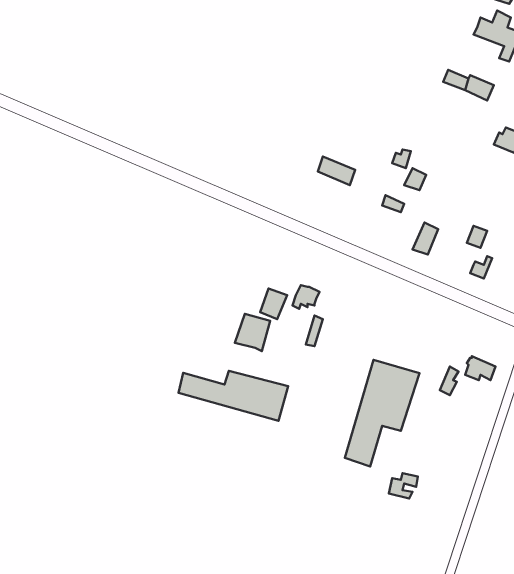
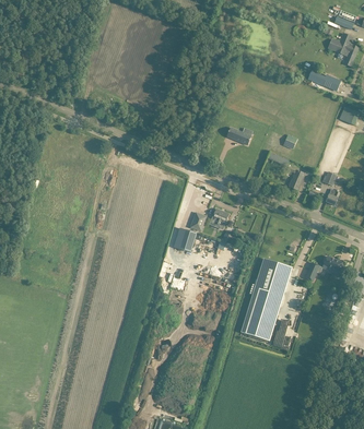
building: [179,371,288,421] -> none

